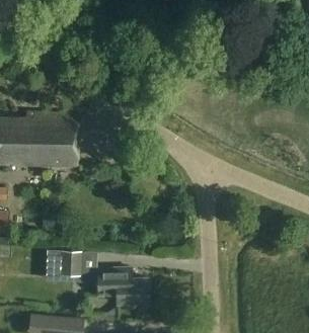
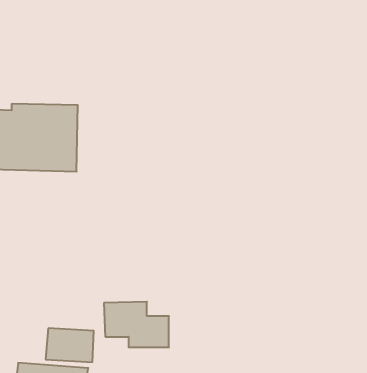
building: [46,249,83,275] -> [46,328,94,362]

